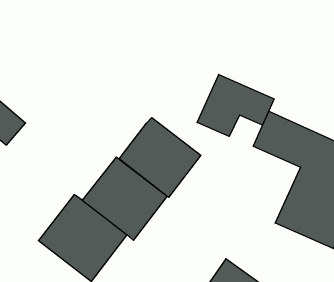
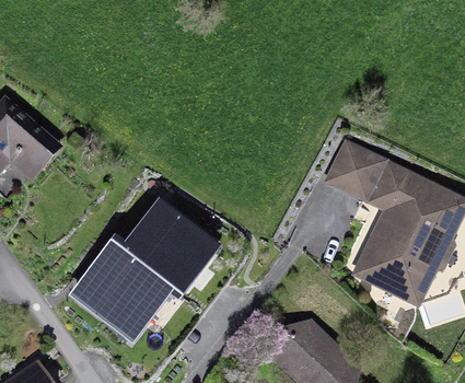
building: [197,74,274,136] -> none
building: [119,118,201,197] -> none

